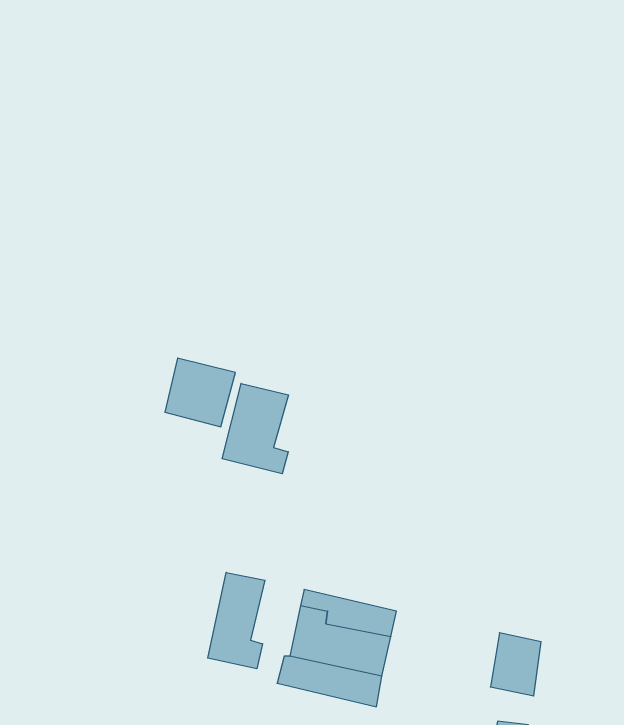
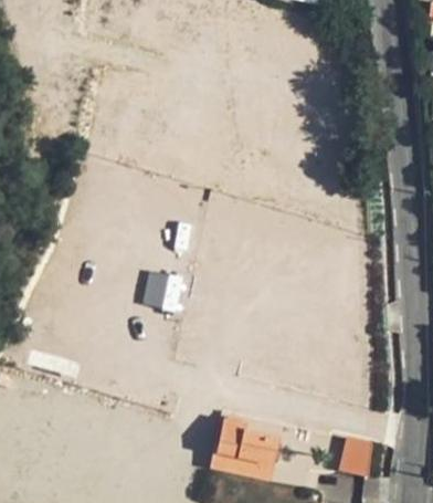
building: [222,383,288,474] -> none
building: [208,572,265,669] -> none

